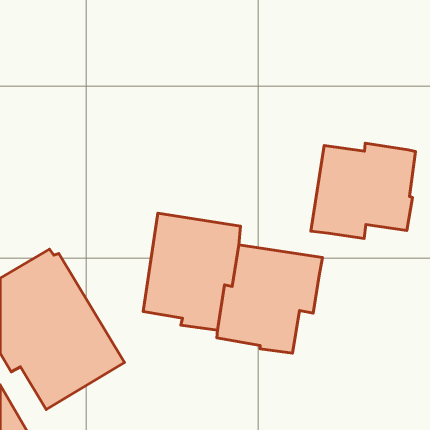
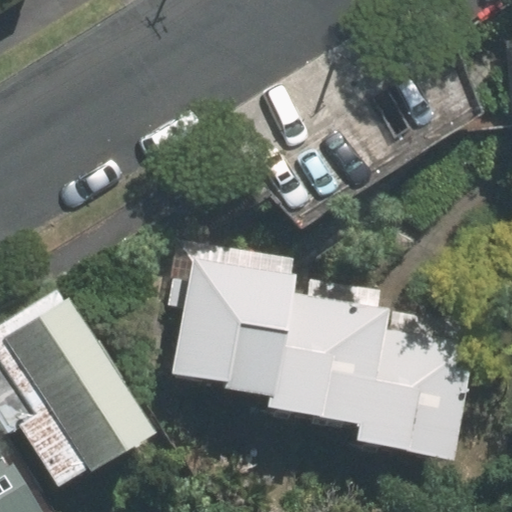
building: [311,143,416,239] -> none
building: none -> [348,330,470,459]

